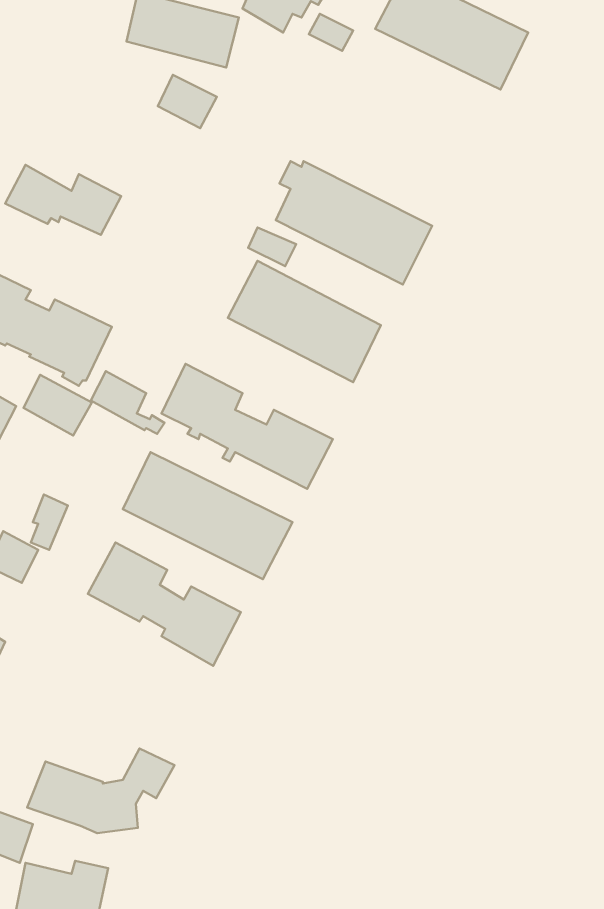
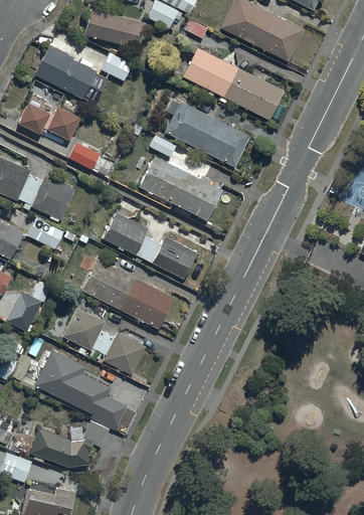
building: none -> [33,45,97,98]
building: none -> [183,46,284,120]
building: [91,371,165,434] -> [68,142,109,176]
building: none -> [21,350,135,435]

